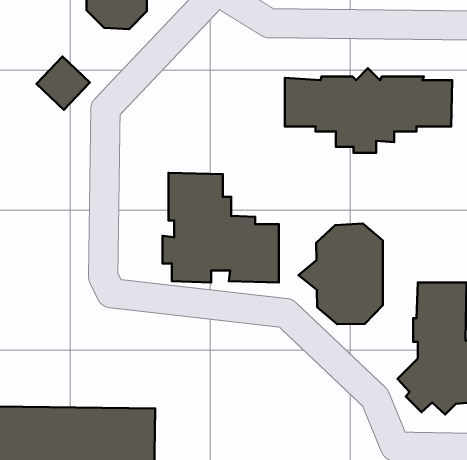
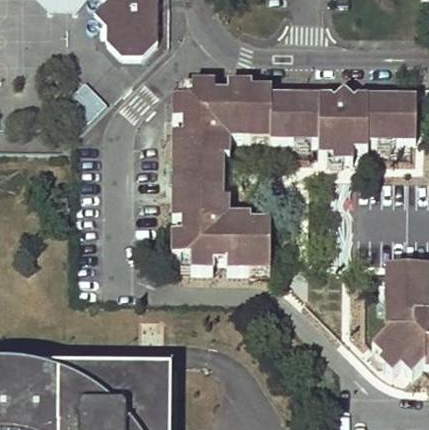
building: none -> [171,74,273,173]
building: [298,224,383,324] -> none

